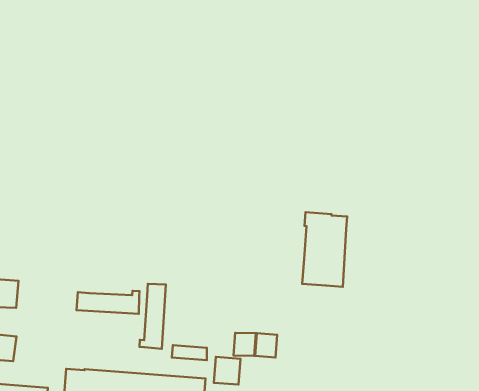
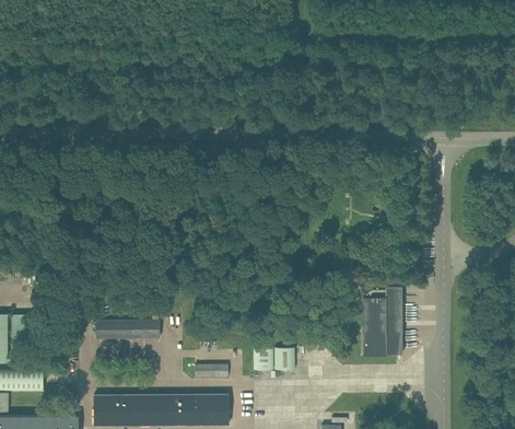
building: [302,212,347,287] -> [361,286,402,355]
building: [140,284,166,349] -> none
building: [214,357,241,385] -> none

